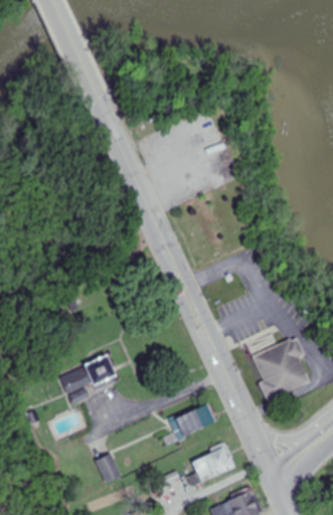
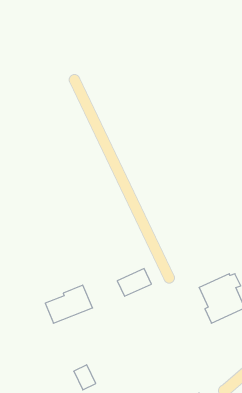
building: [173,403,215,438] -> [117,269,151,296]
building: [190,445,235,483] -> none

